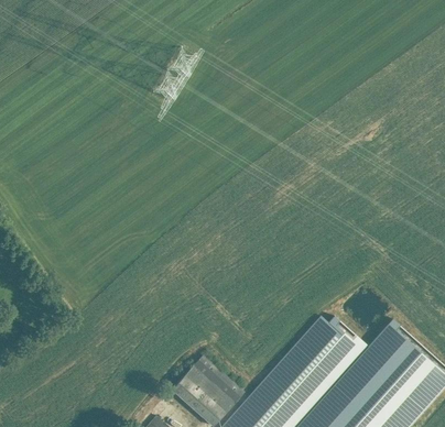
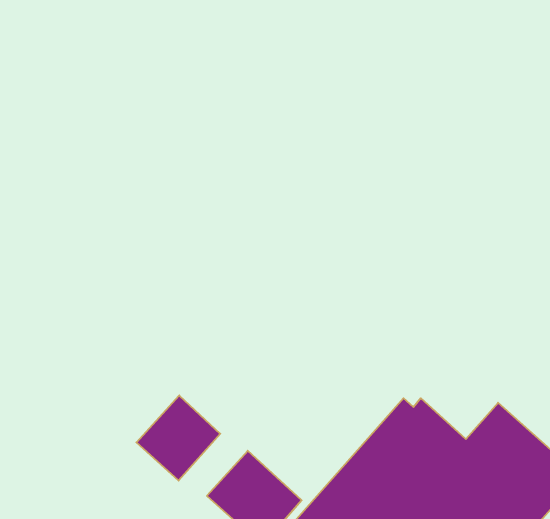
building: none -> [136,395,220,481]

